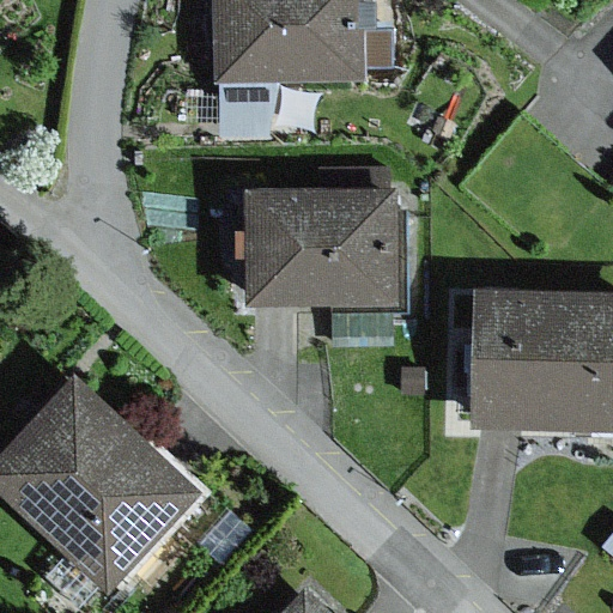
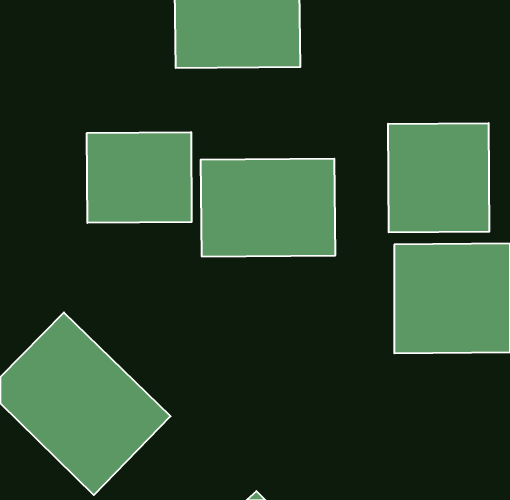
building: none -> [388,123,489,232]
building: none -> [87,132,192,223]

